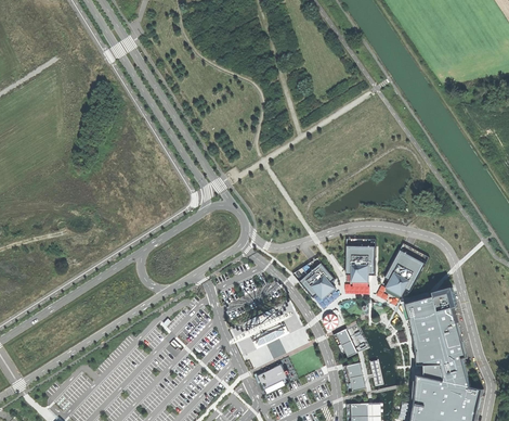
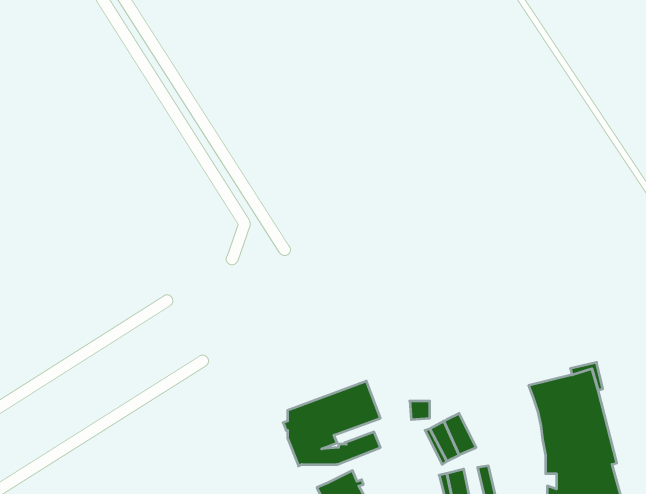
building: [344,245,374,283] -> none
building: [383,250,425,296] -> none
building: [298,263,335,299] -> none

